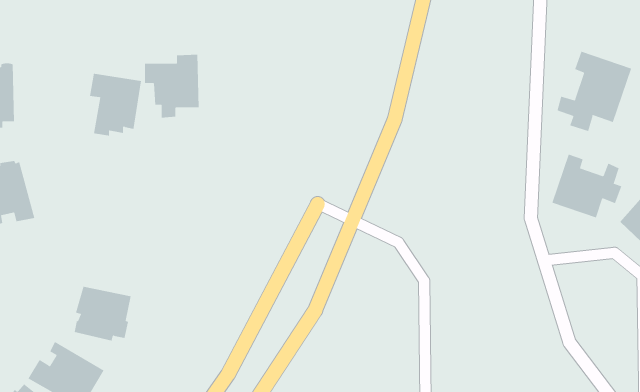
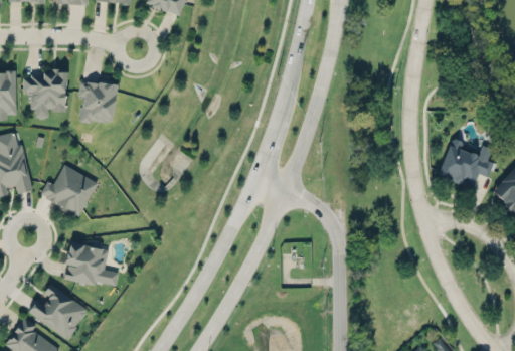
building: [557,51,632,132] -> none
building: [144,54,199,118] -> [23,68,66,119]
building: none -> [39,165,97,216]

